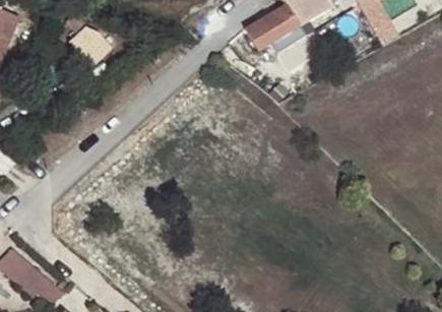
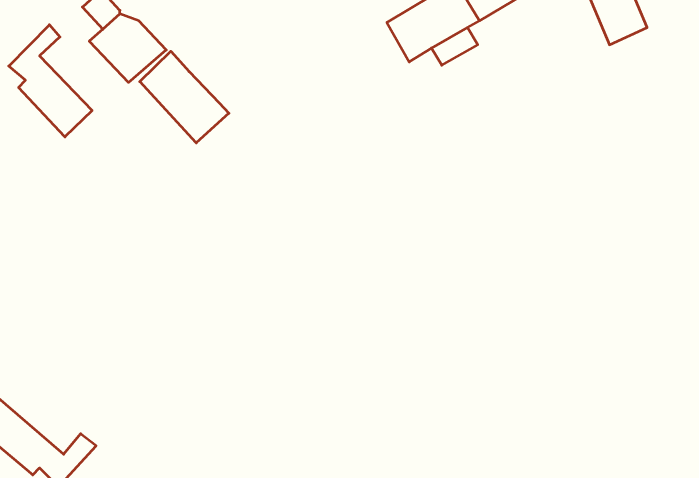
building: none -> [9,25,92,137]
building: none -> [140,51,229,143]

